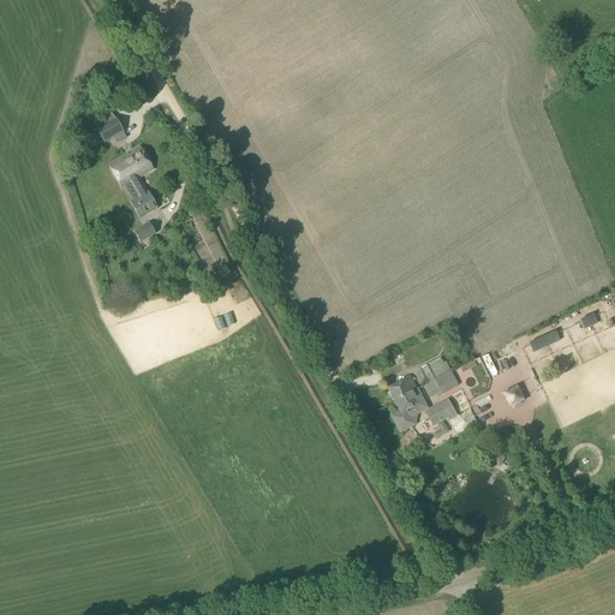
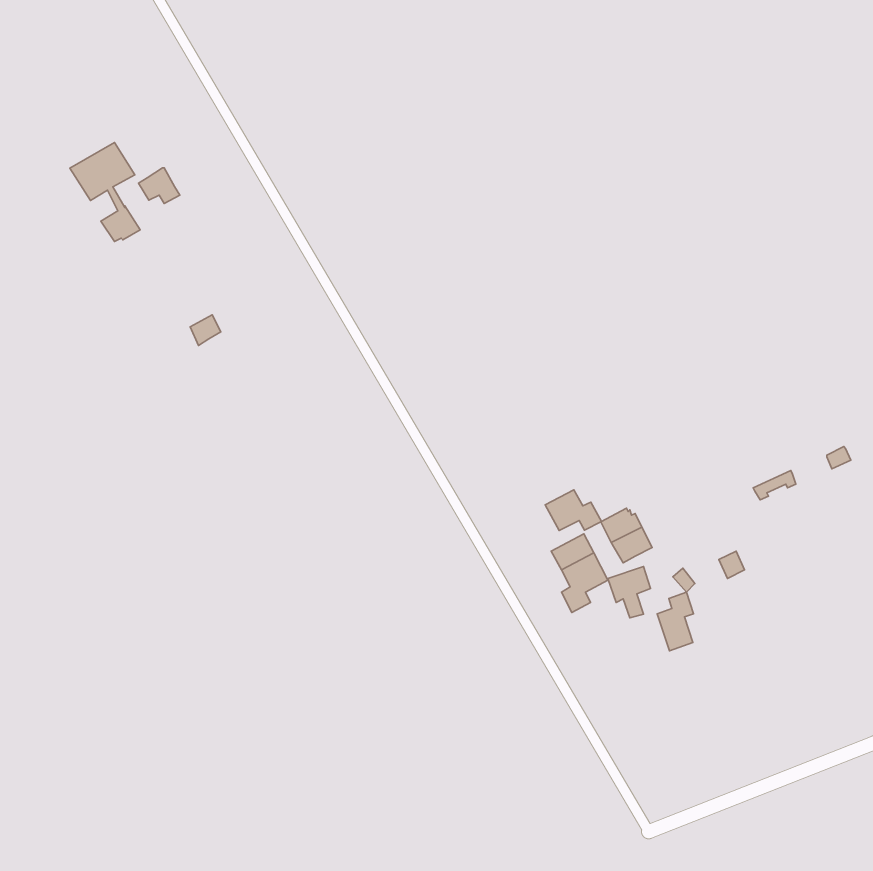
building: [109,145,159,215] -> [70,142,140,242]
building: none -> [545,490,601,531]
building: none -> [657,592,693,651]

